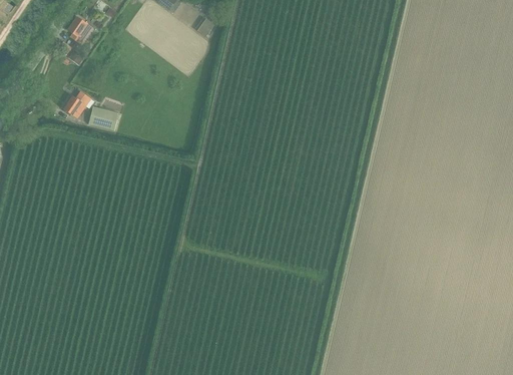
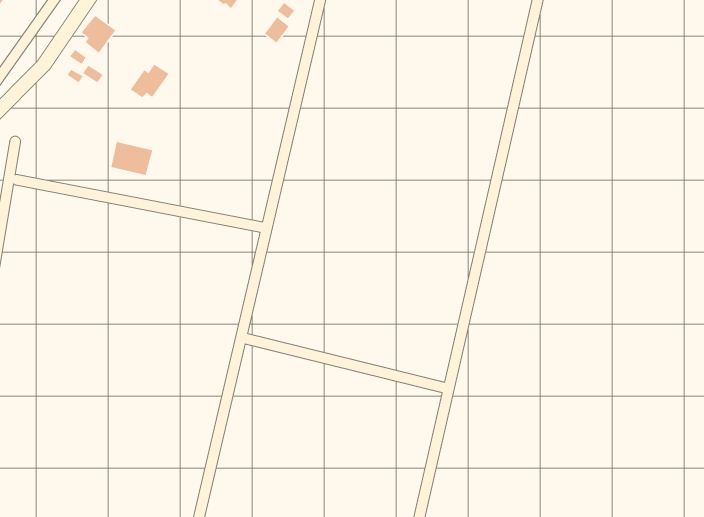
building: [61,91,89,115] -> [130,64,170,98]

